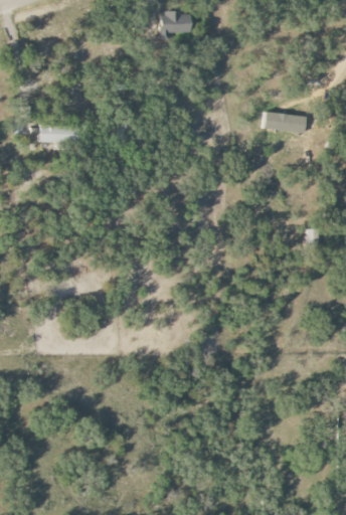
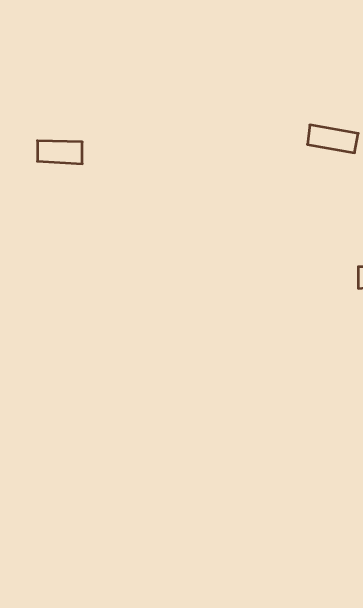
building: [160,12,192,39] -> none

